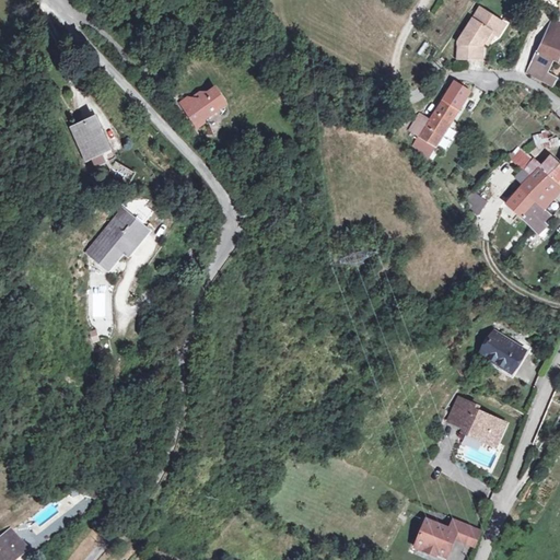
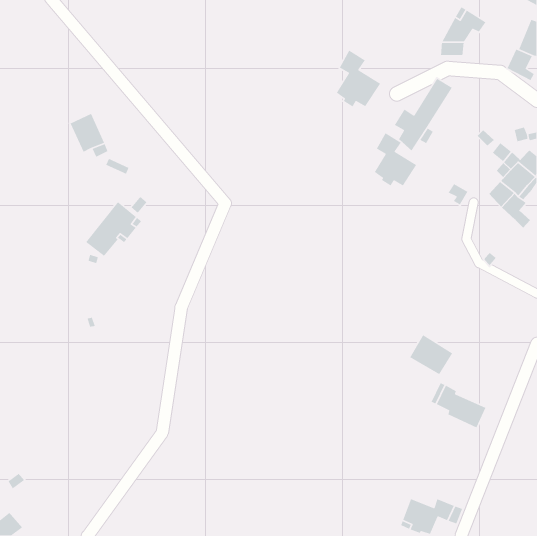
building: none -> [336,50,381,108]
building: [179,86,223,125] -> none
building: none -> [374,132,417,187]
building: [480,329,526,372] -> [409,334,453,375]

